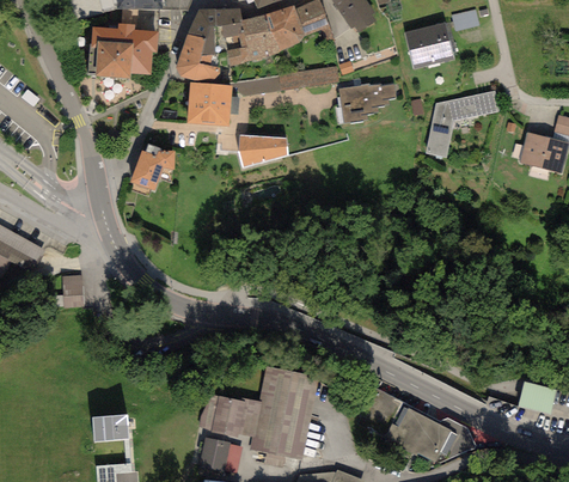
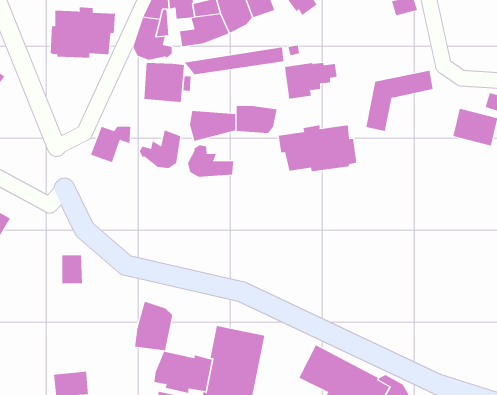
building: [399,24,442,66] -> none
building: none -> [236,105,277,134]
building: none -> [278,124,357,172]
building: none -> [139,130,181,169]
building: none -> [187,144,234,178]
building: [65,277,87,309] -> [62,255,83,284]
building: none -> [135,301,173,351]
building: [518,382,558,415] -> none

